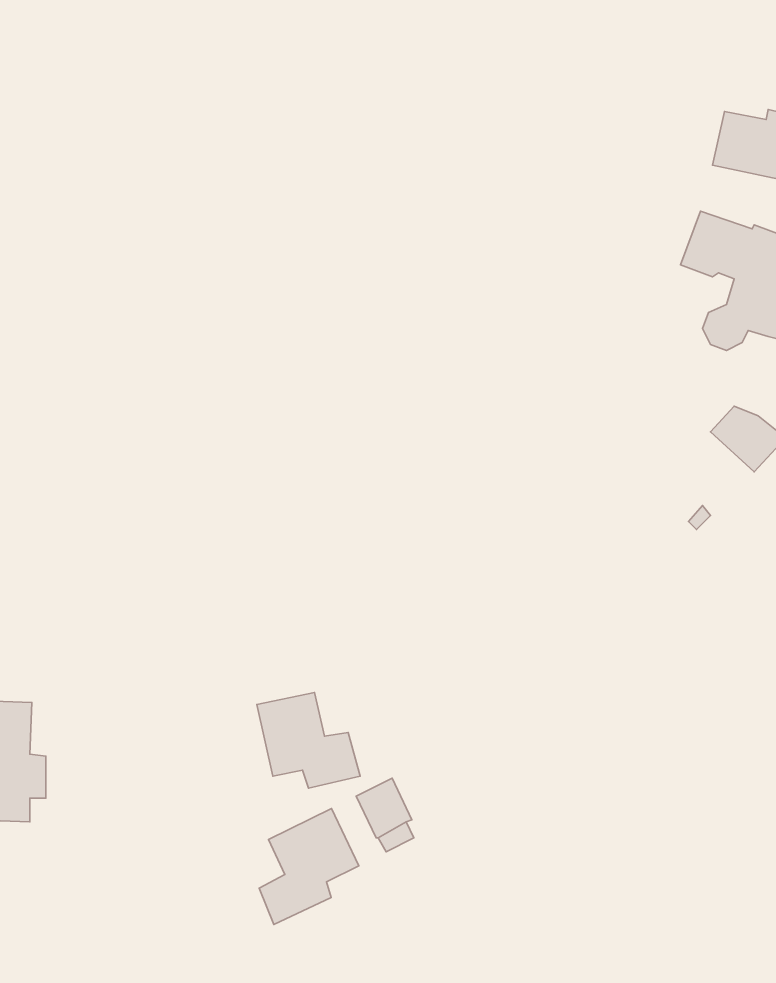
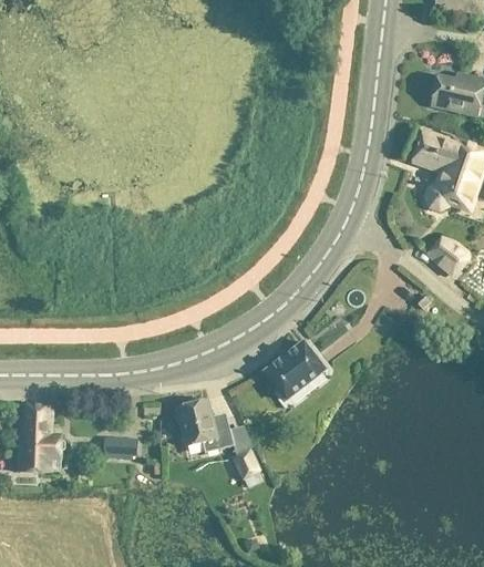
building: none -> [266,340,325,399]
building: none -> [104,434,137,457]
building: [259,808,359,925] -> none

